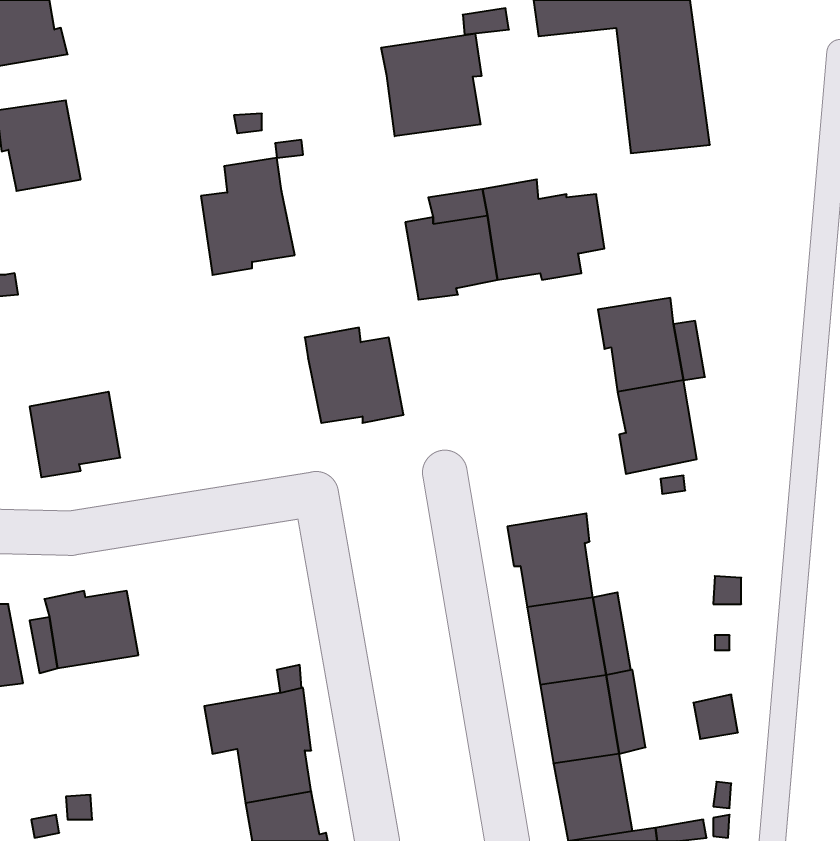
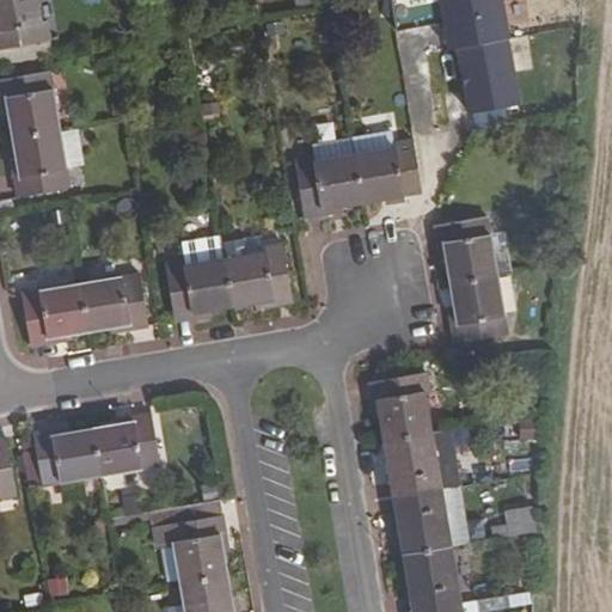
building: [381,33,481,136] -> none
building: [201,158,295,275] -> [165,237,233,322]
building: none -> [12,130,68,197]
building: none -> [79,274,148,332]
building: none -> [92,414,160,476]

